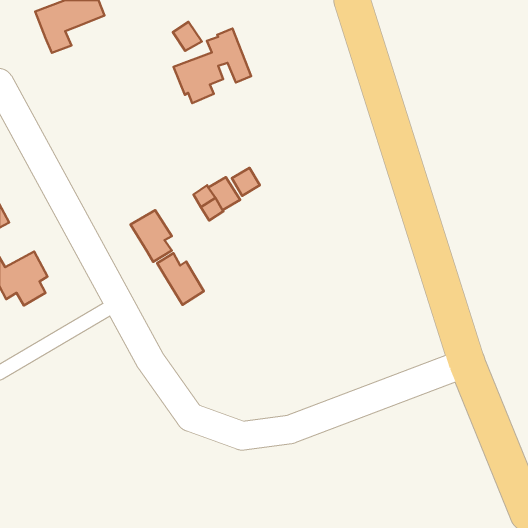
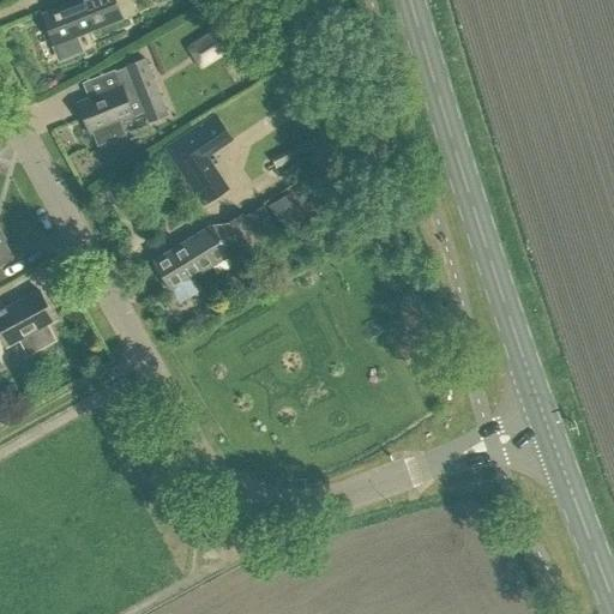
building: [174,29,251,103] -> [76,59,165,145]
building: none -> [180,225,229,275]
building: [157,253,204,305] -> none

